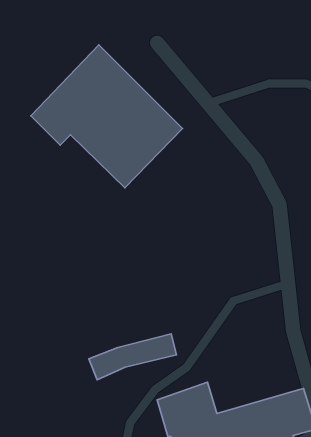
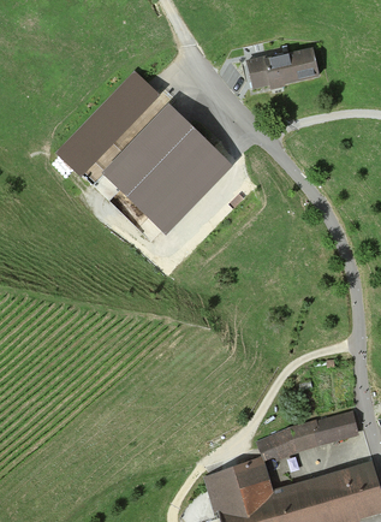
building: none -> [245,46,319,89]
building: [89,334,176,380] -> [256,411,357,464]

